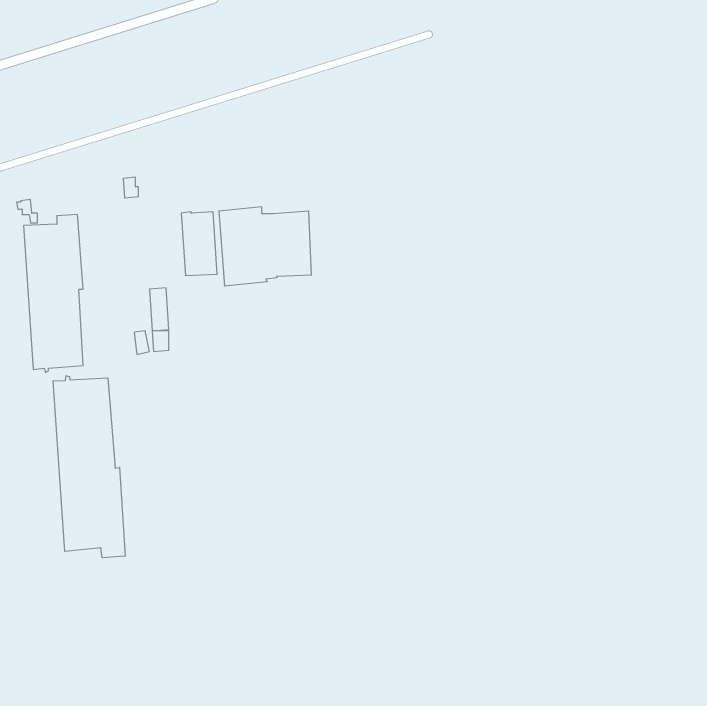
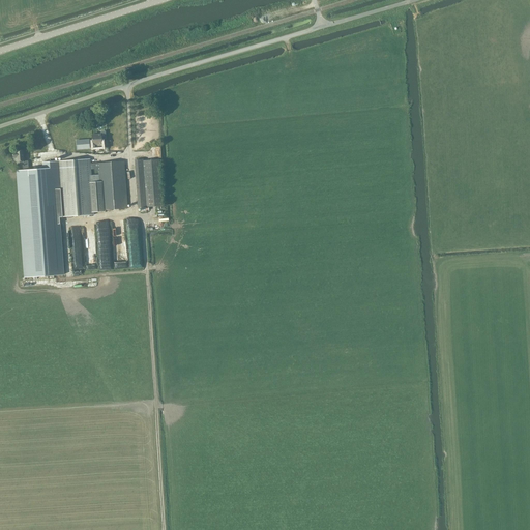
building: [219,207,312,286] -> [58,157,127,216]
building: [53,376,125,558] -> none

